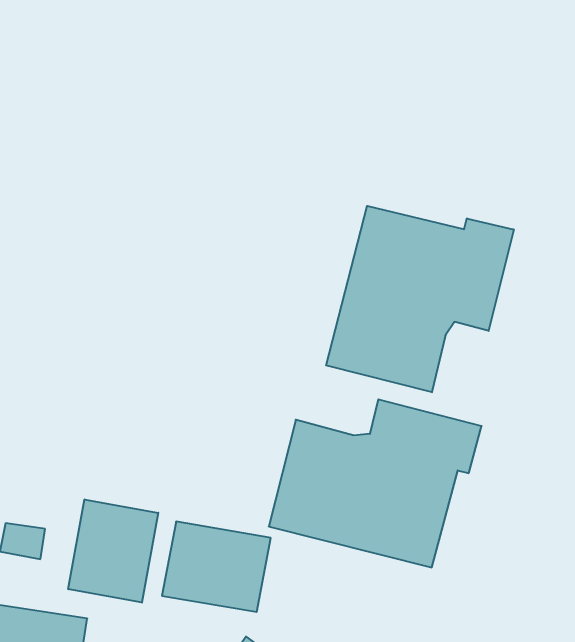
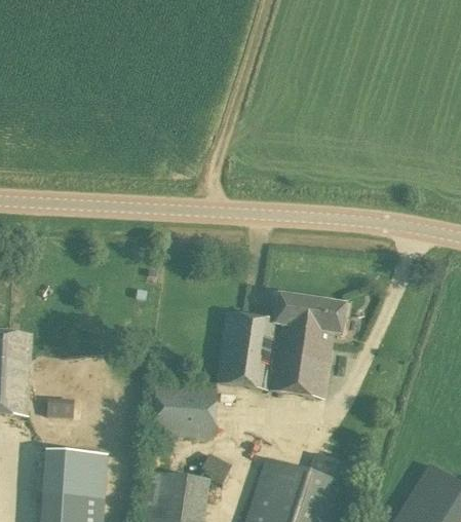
building: [326,206,514,392] -> none
building: [68,499,158,603] -> none

